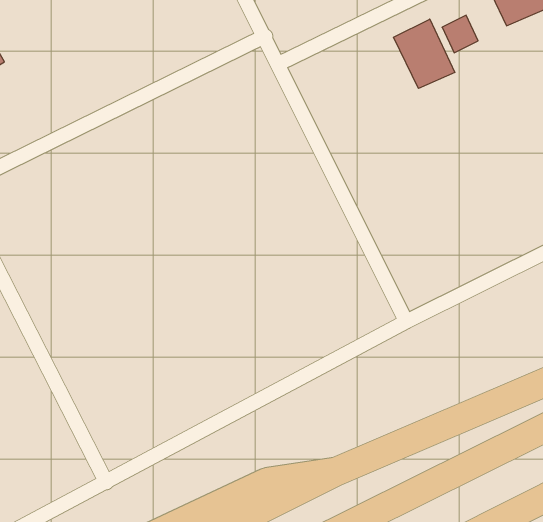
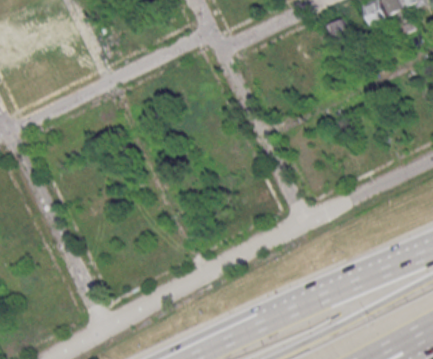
building: [394,19,455,88] -> none

